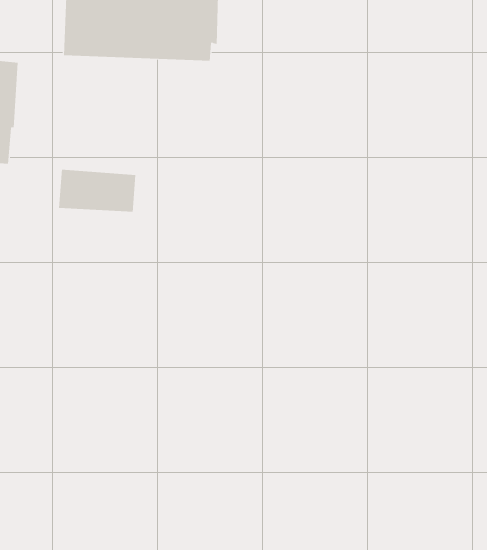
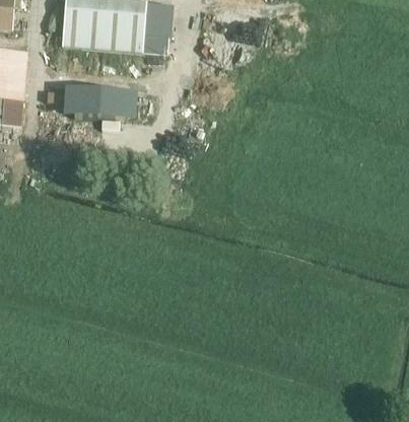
building: [58,169,136,212] -> [70,87,127,119]

